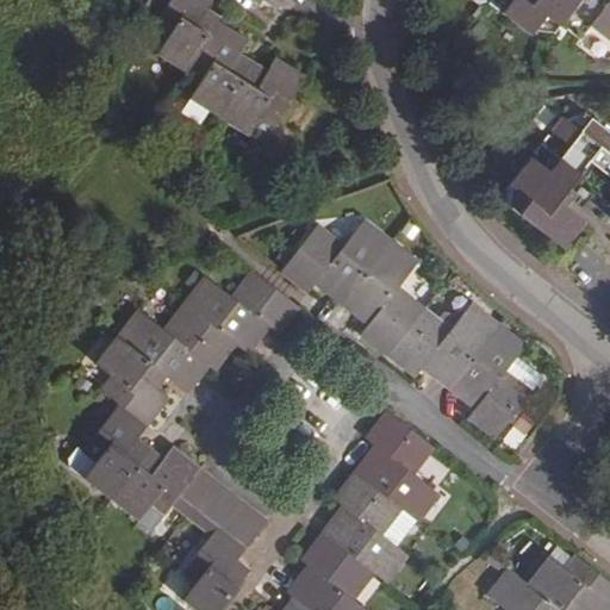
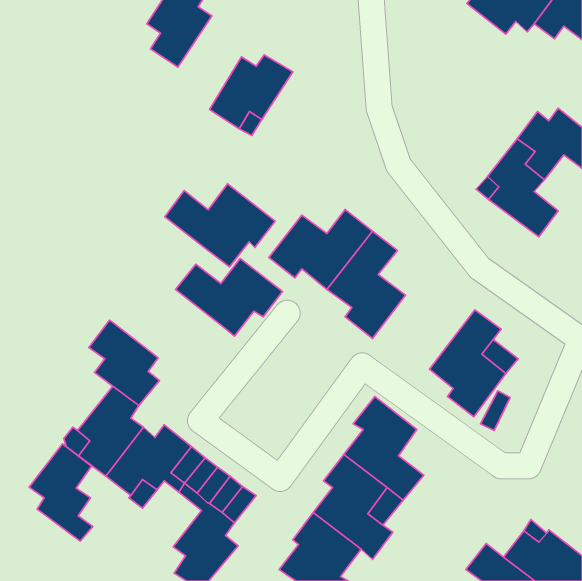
building: [186,20,253,114] -> none
building: [118,303,234,390] -> [165,184,275,267]
building: [390,303,497,386] -> none
building: none -> [29,444,93,541]

